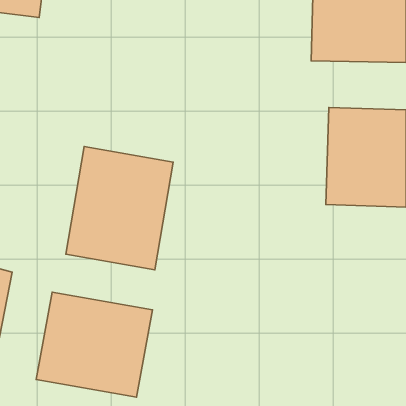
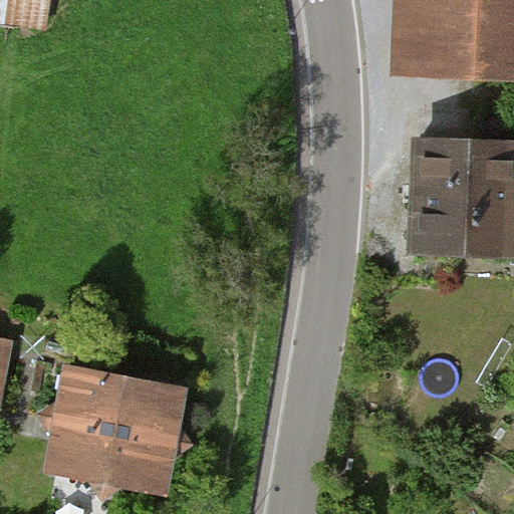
building: [66,147,173,270] -> none

